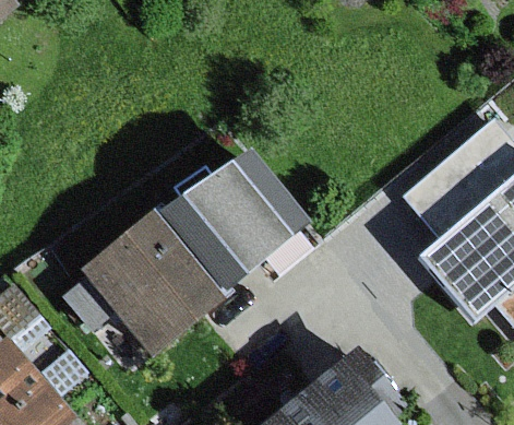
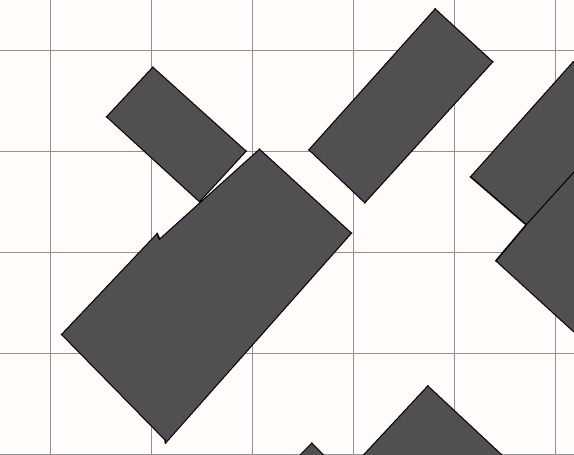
building: none -> [309,9,493,203]
building: none -> [106,67,246,202]

